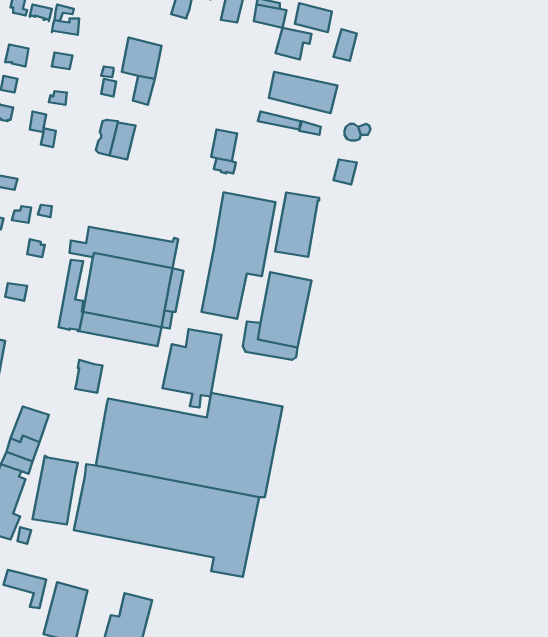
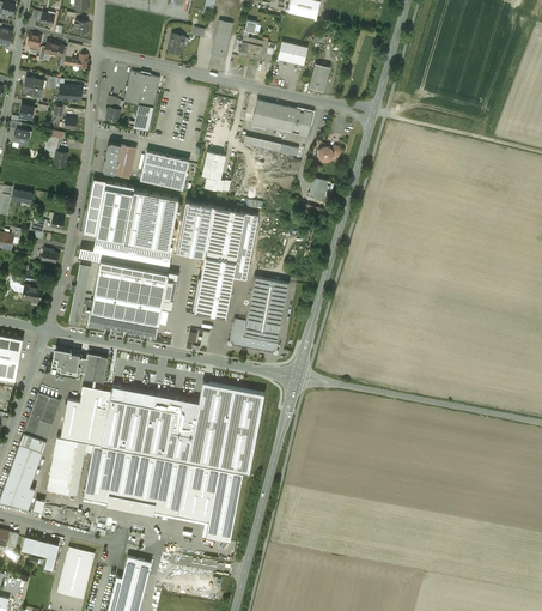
building: [275,28,311,59] -> none
building: none -> [140,151,189,190]
building: none -> [84,180,178,250]
building: [275,192,319,257] -> [176,200,214,256]
building: [162,329,221,407] -> [60,387,111,455]
building: none -> [53,351,87,376]

